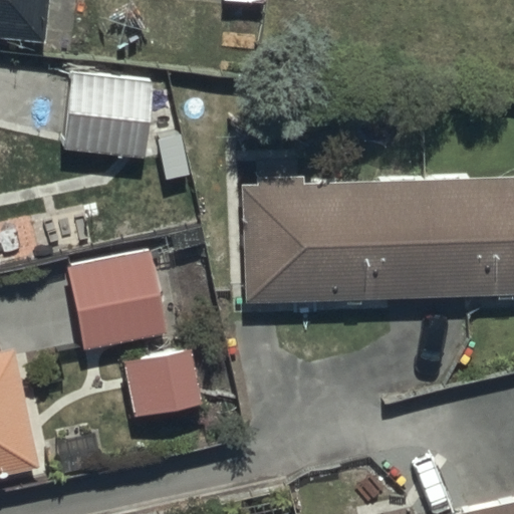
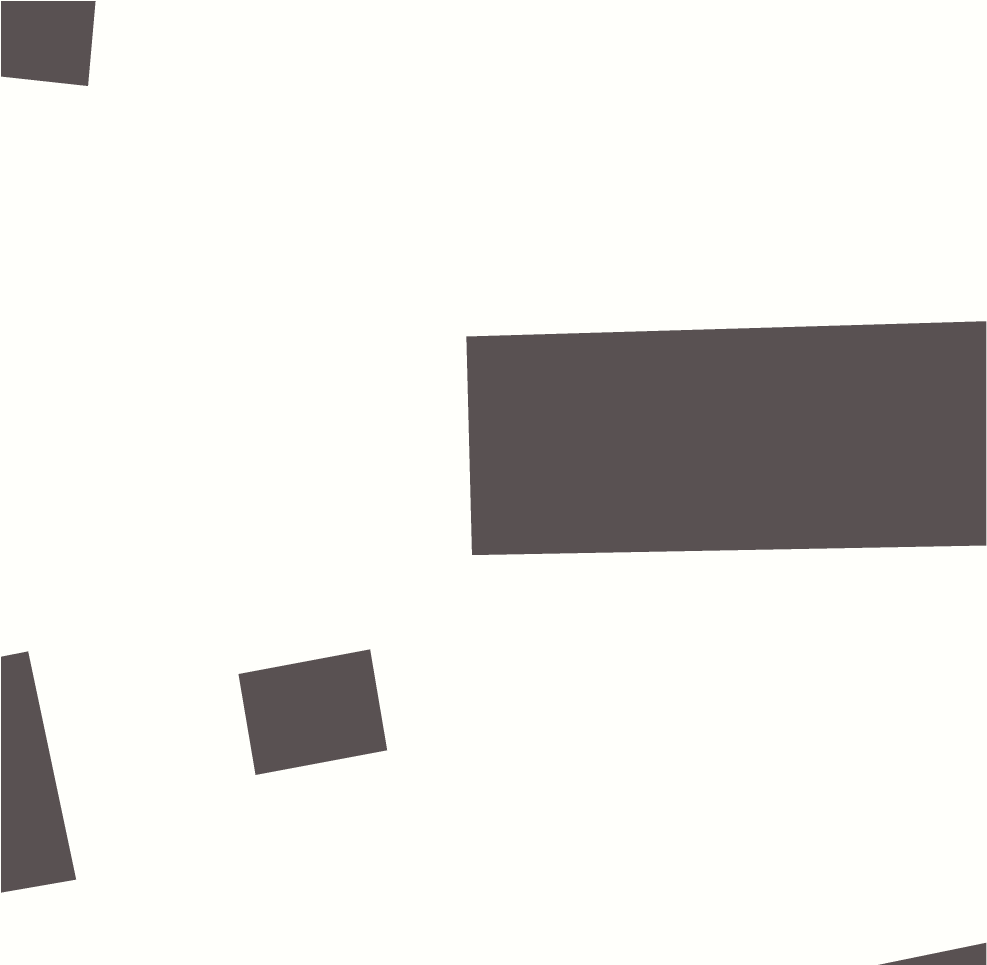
building: [67,85,155,166] -> none
building: [68,253,168,347] -> none

